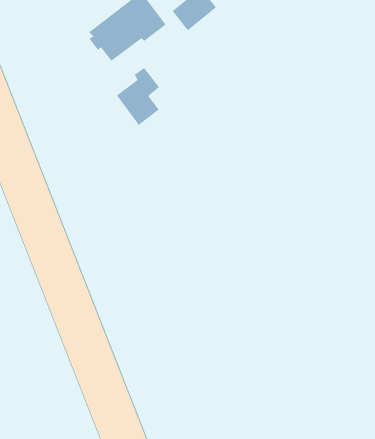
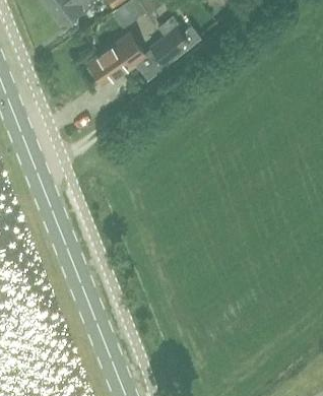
building: [116,67,160,126] -> none

